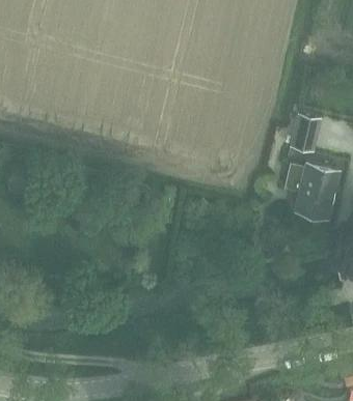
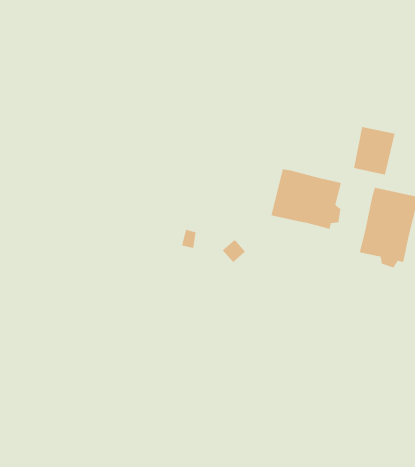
building: none -> [270,168,342,230]

